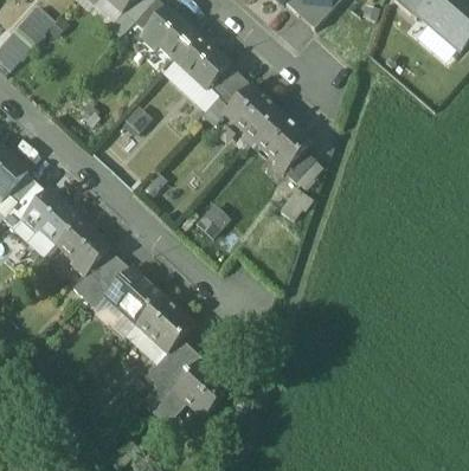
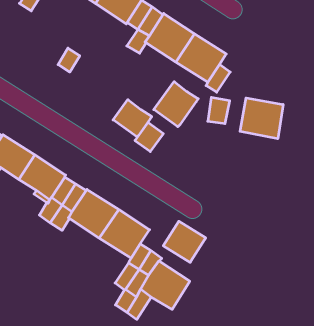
building: none -> [154,82,198,127]
building: none -> [113,100,152,137]
building: none -> [240,98,283,139]
building: none -> [163,221,206,262]

